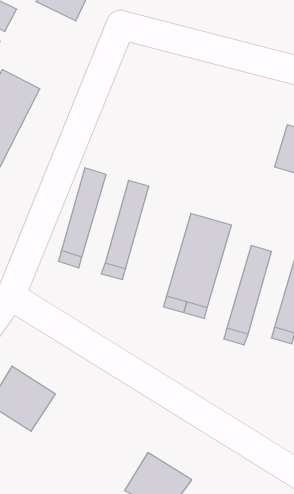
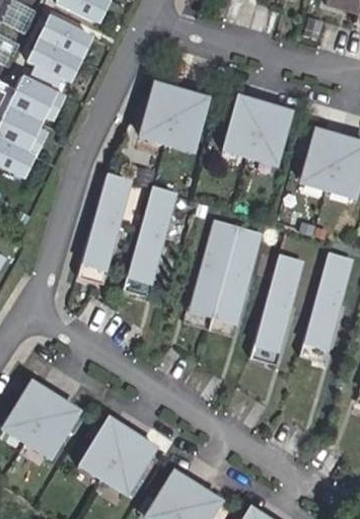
building: none -> [27,15,90,81]
building: none -> [144,84,208,143]
building: none -> [227,97,291,156]
building: none -> [84,419,153,487]

